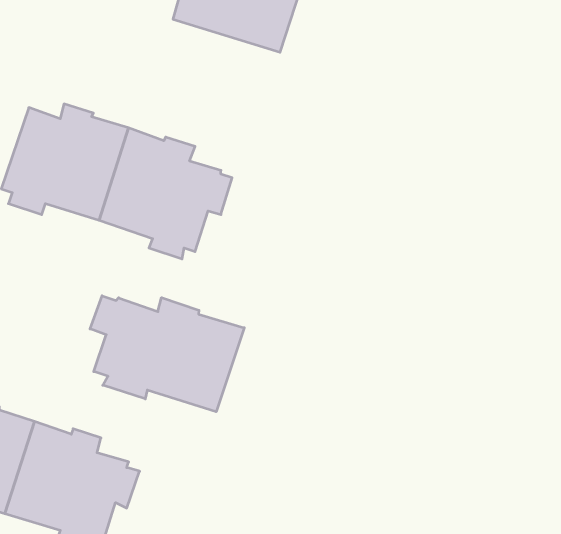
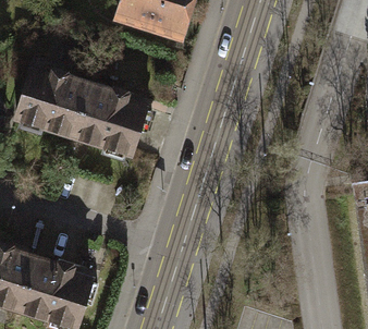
building: [90,296,244,412] -> none

